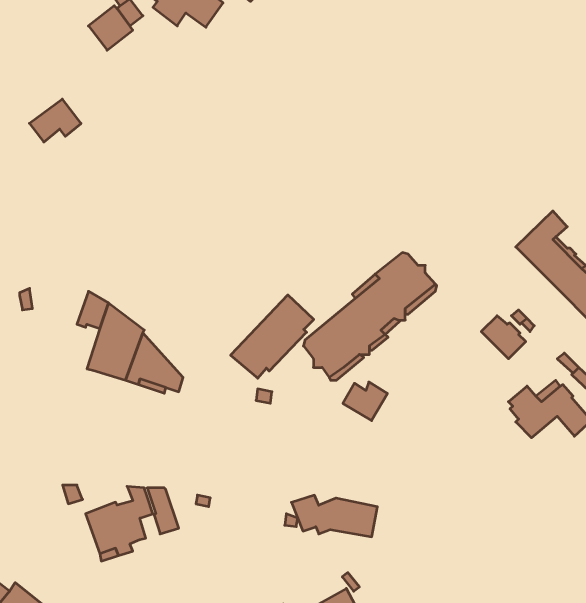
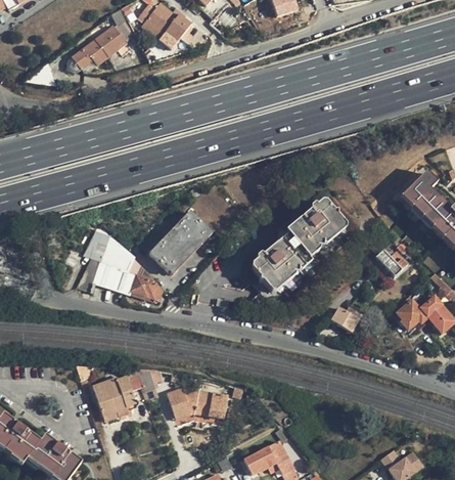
building: [29,99,81,142] -> [72,39,108,70]
building: [231,295,314,378] -> [149,211,209,270]
building: none -> [77,252,103,292]
building: [343,382,387,421] -> [329,305,361,333]
building: [291,495,377,537] -> [167,388,228,418]

